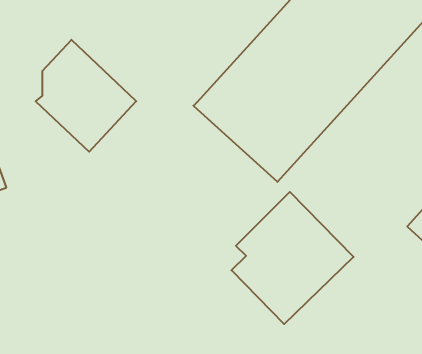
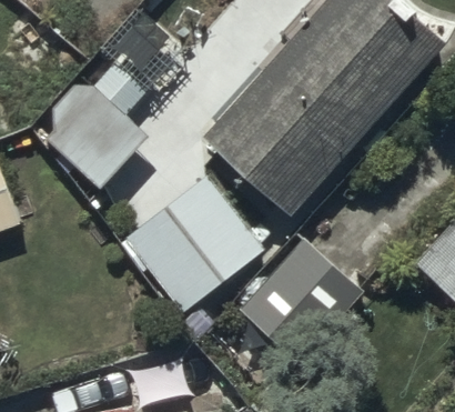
building: none -> [125,175,263,311]

